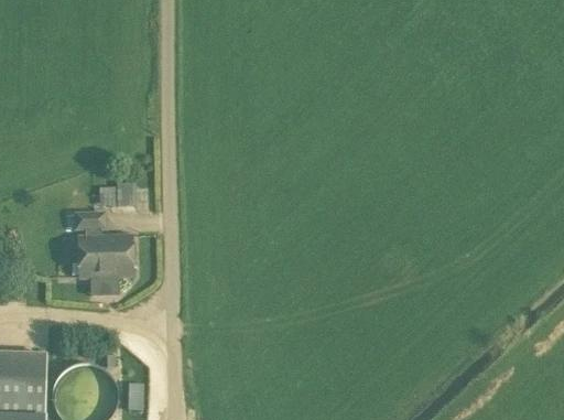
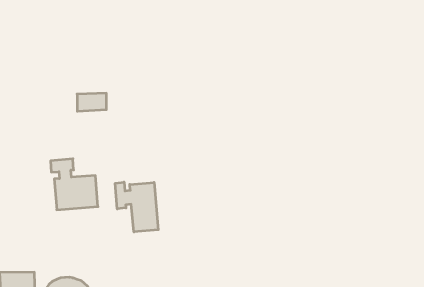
building: [104,182,142,204] -> [77,93,106,111]
building: none -> [115,182,158,232]

